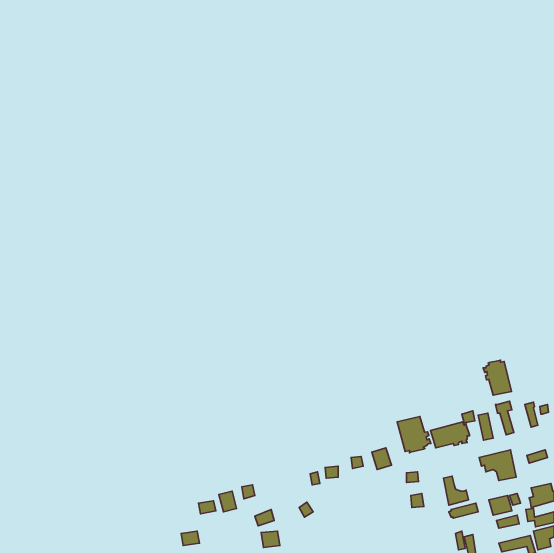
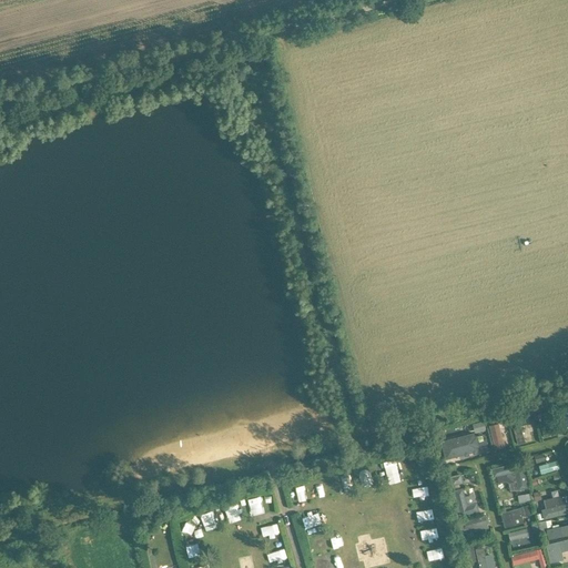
building: [483,360,512,395] -> none
building: [397,416,431,453] -> none

